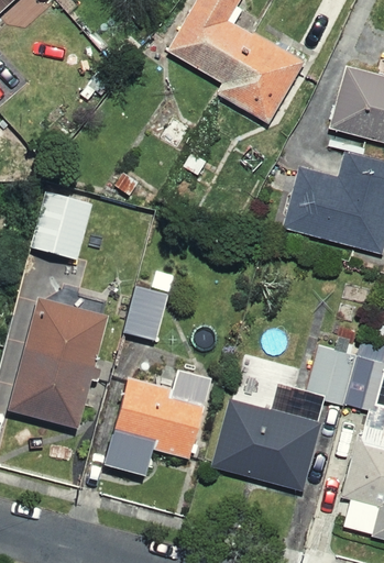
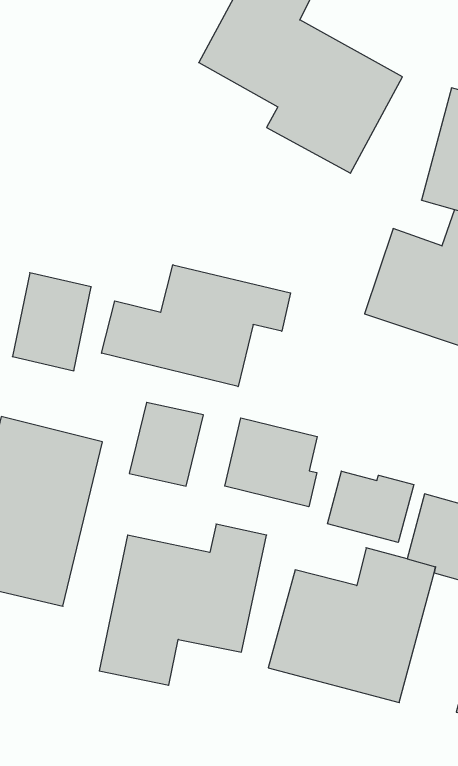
building: none -> [102,265,291,387]
building: none -> [225,418,317,507]
building: none -> [327,471,414,542]

